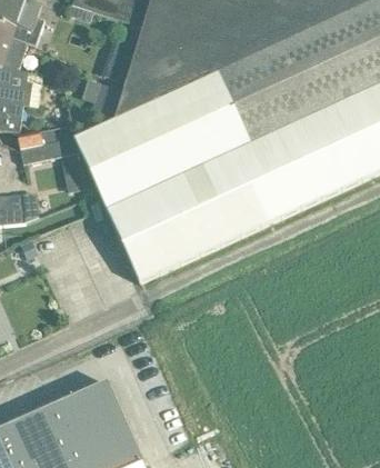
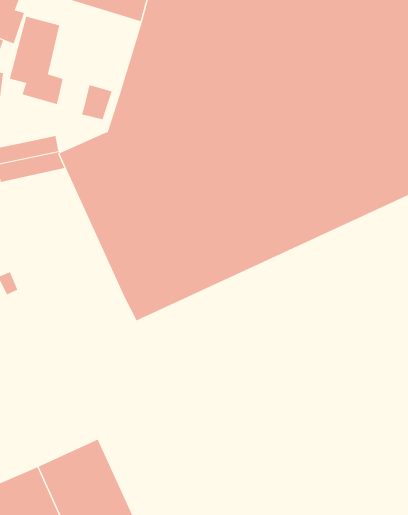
building: none -> [9,16,63,105]

